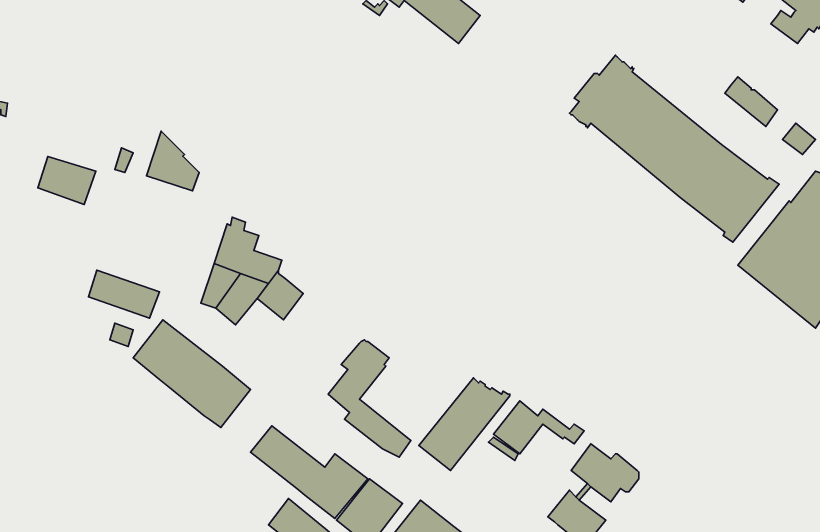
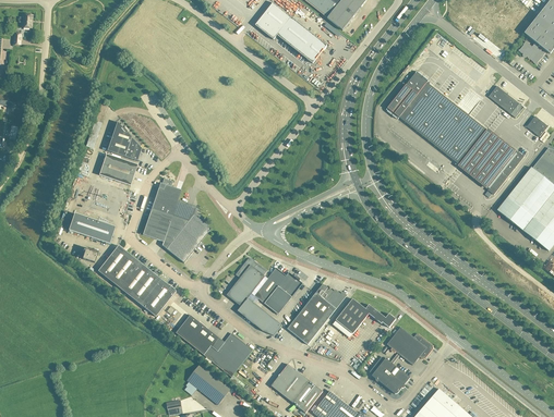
building: [38,156,96,204] -> [98,154,136,185]
building: none -> [165,231,196,262]
building: none -> [253,267,302,314]

